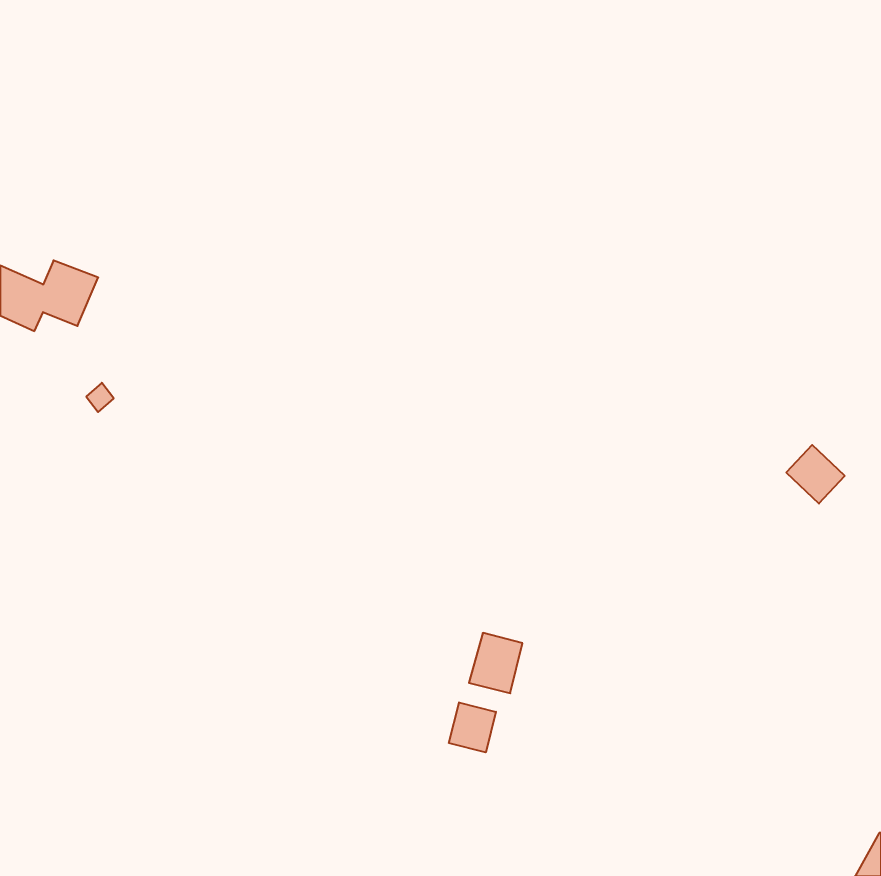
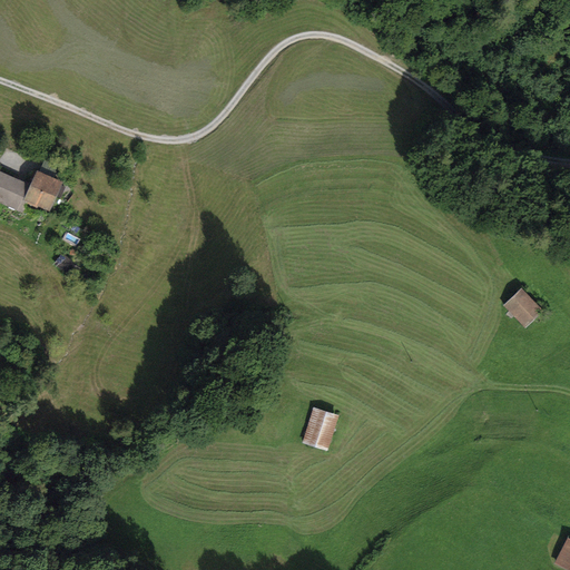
building: [449,702,496,752] -> none

